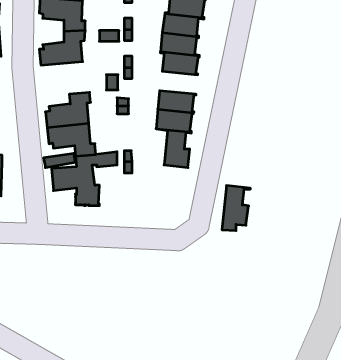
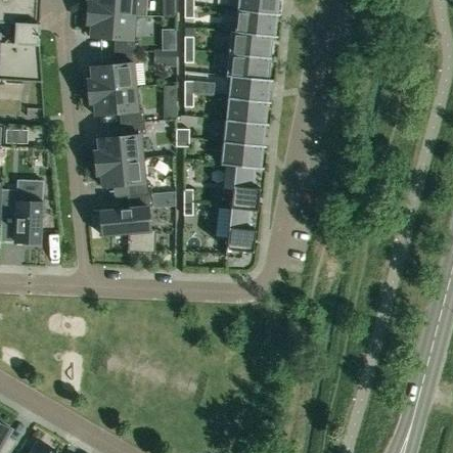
building: none -> [88,86,144,124]
building: none -> [225,97,269,124]
building: [222,186,250,231] -> [225,206,258,258]

